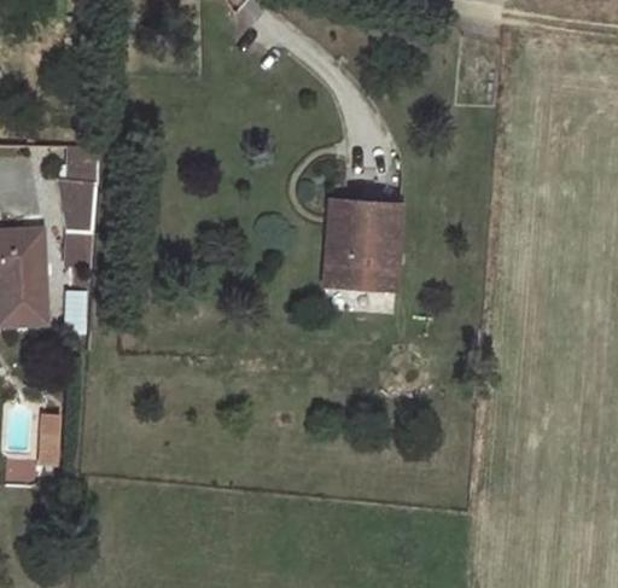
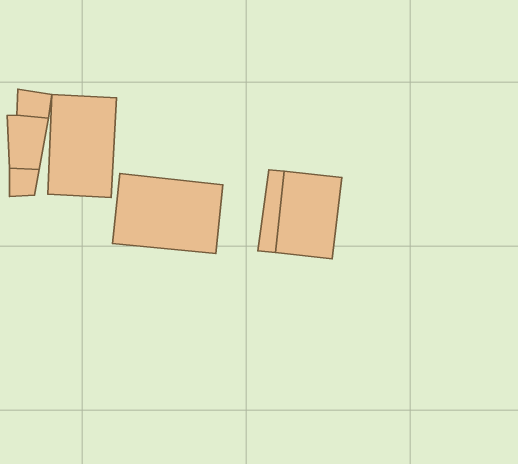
building: none -> [48,95,117,197]
building: none -> [113,173,223,254]

